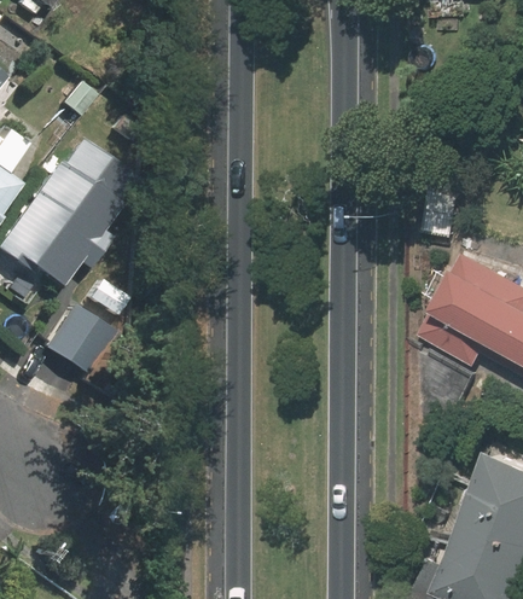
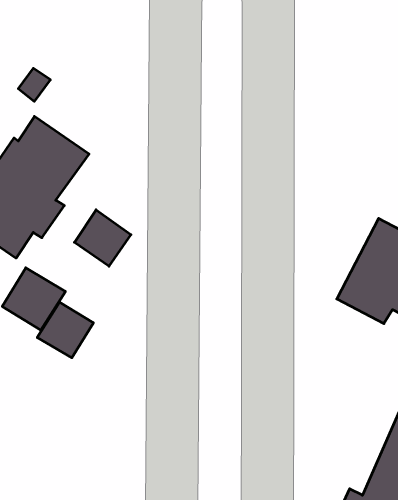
building: none -> [74,210,131,266]
building: none -> [37,302,93,358]

